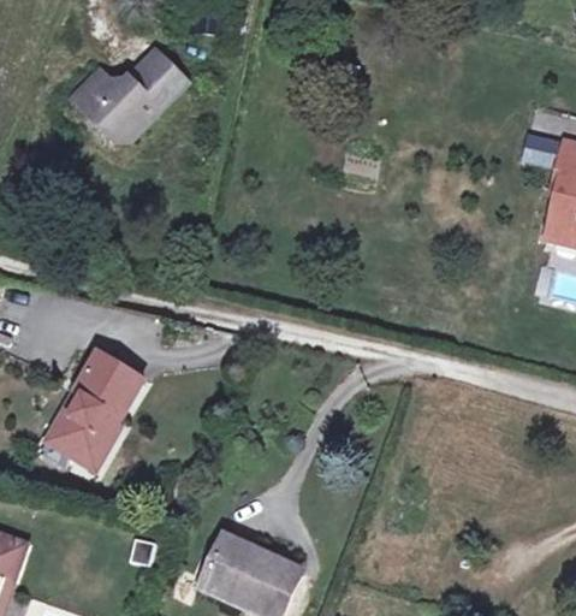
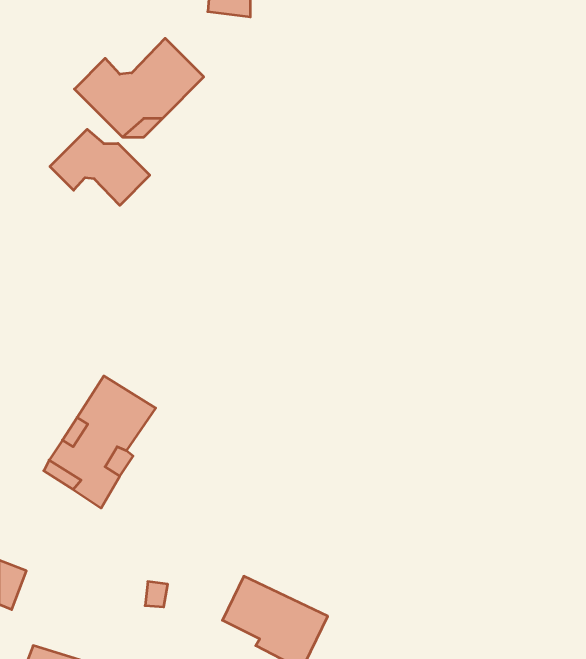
building: none -> [50,129,150,205]

